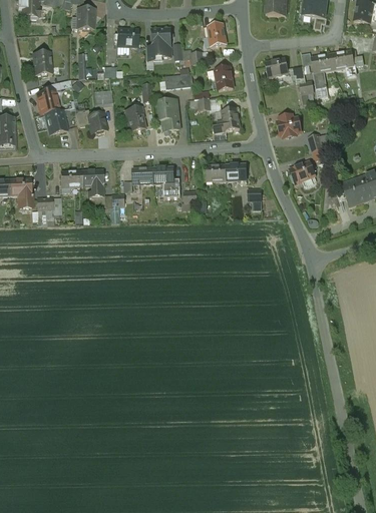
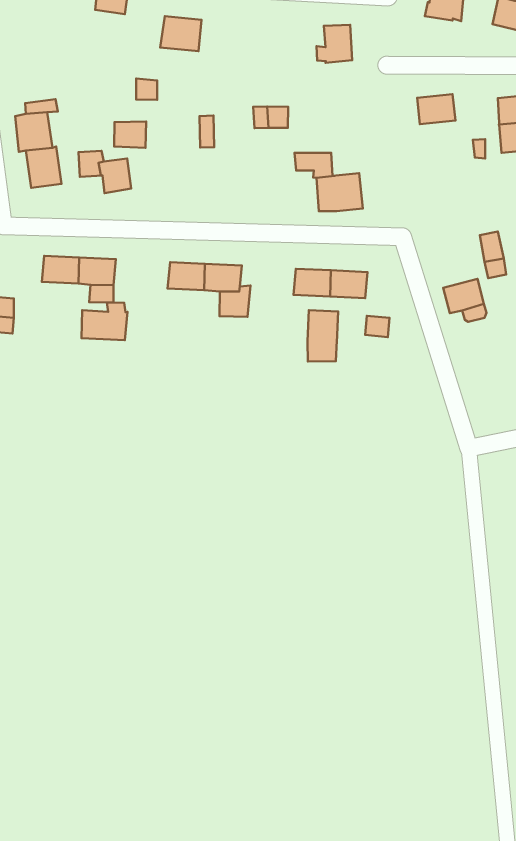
building: [150,28,170,56] -> none
building: [32,51,51,75] -> none
building: [212,66,233,89] -> none
building: [159,99,179,133] -> none
building: [124,105,146,131] -> none
building: [277,114,301,137] -> none
building: none -> [307,310,338,362]
building: none -> [81,303,128,340]

